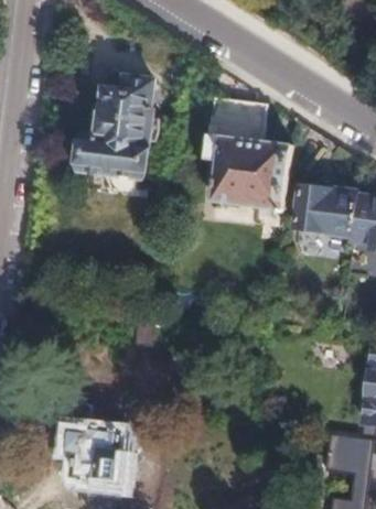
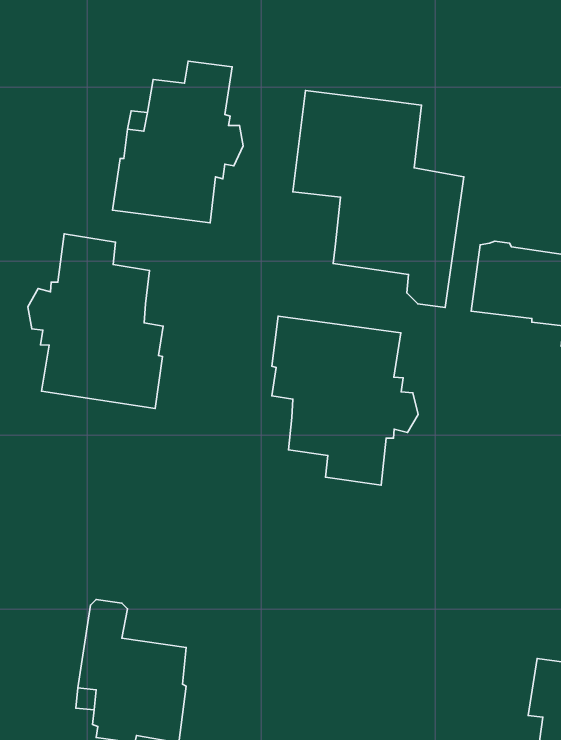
building: none -> [28,234,163,408]
building: none -> [272,316,418,485]

